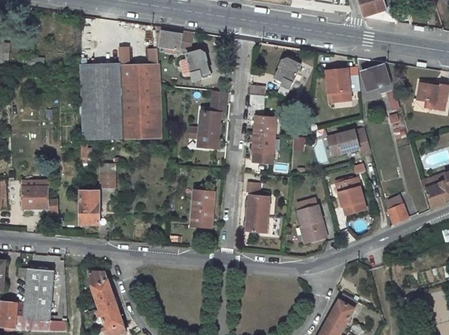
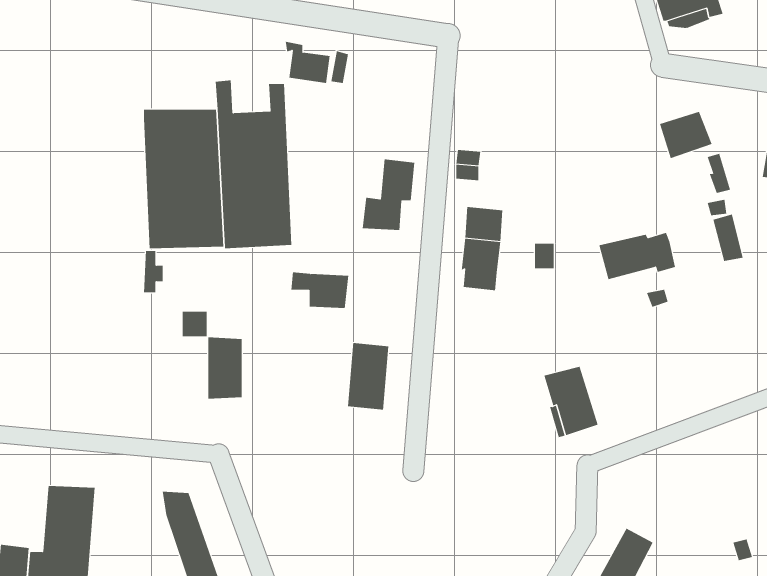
building: [186,50,209,79] -> none
building: [272,58,300,88] -> none
building: [325,68,359,101] -> none
building: [187,127,219,147] -> [290,272,349,309]
building: [336,176,365,211] -> none
building: [22,186,57,214] -> none
building: [382,189,407,223] -> none
building: [79,190,98,224] -> [208,337,242,399]
building: [245,196,268,232] -> none

